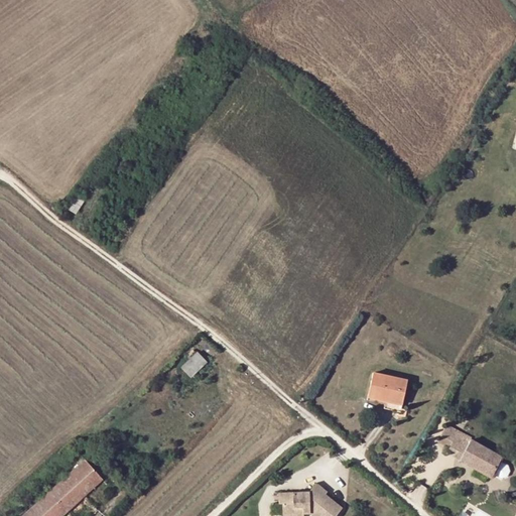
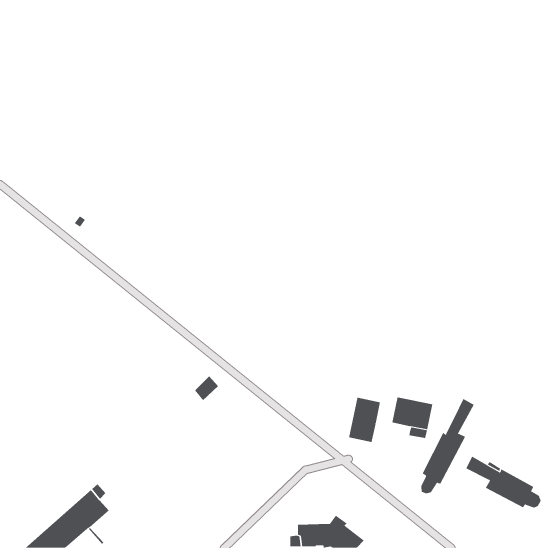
building: none -> [348,397,380,443]
building: none -> [421,398,475,494]

